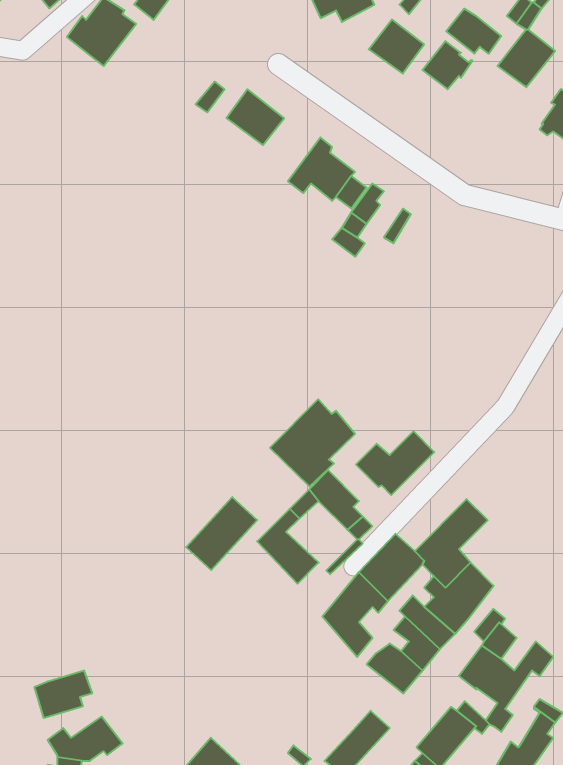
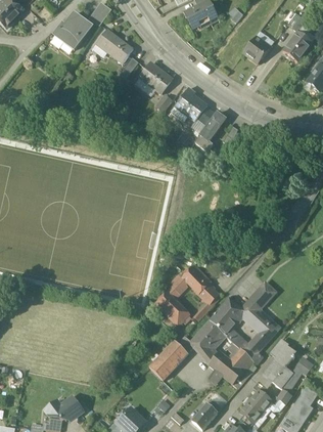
building: [446,9,501,54] -> none
building: [369,20,424,74] -> none
building: none -> [96,29,133,62]
building: [270,399,355,487] -> none
building: [356,431,434,495] -> none
building: [186,497,257,570] -> [149,339,187,378]
building: [35,670,92,718] -> none

